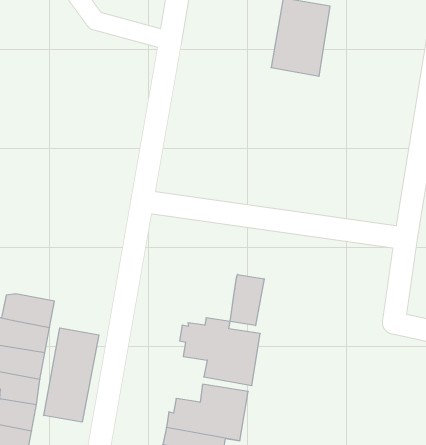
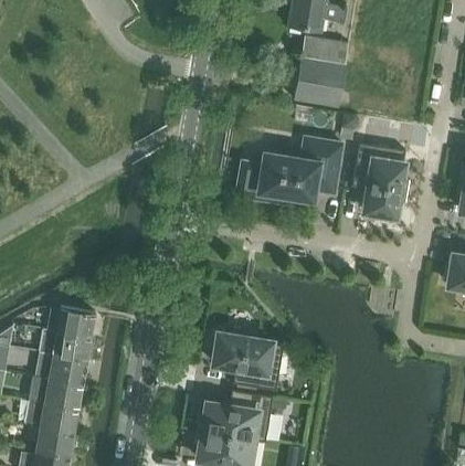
building: none -> [235,139,341,203]
building: none -> [351,144,408,221]
building: [230,274,264,326] -> none
building: [44,328,99,422] -> none

